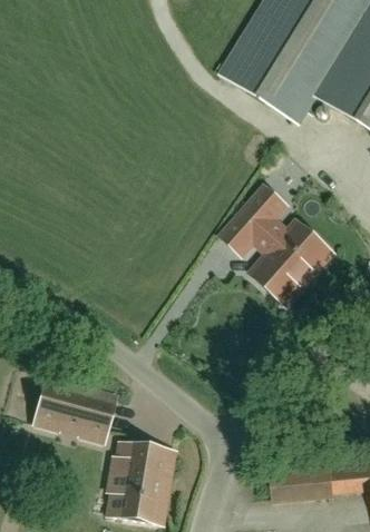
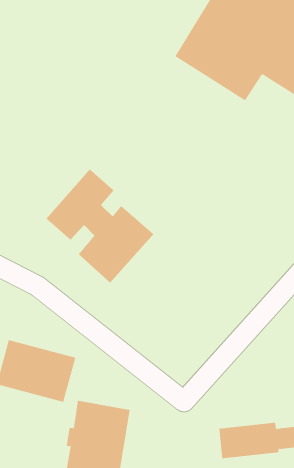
building: [216,181,332,304] -> [45,168,154,284]

